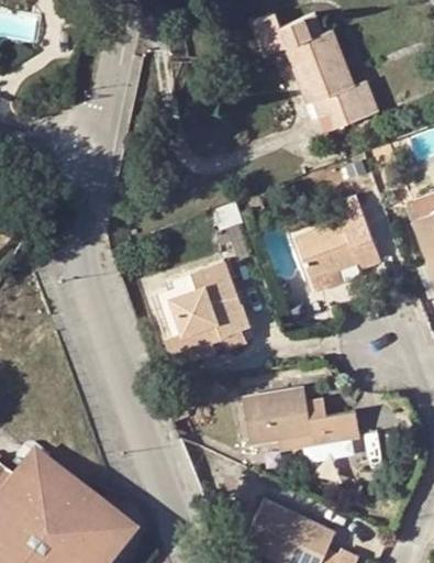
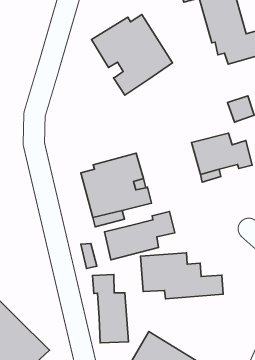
building: none -> [91,15,173,95]
building: none -> [105,211,175,260]
building: none -> [92,274,128,343]

